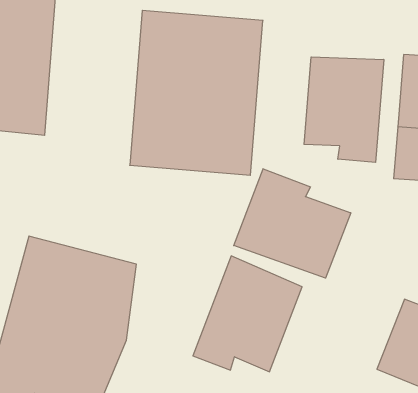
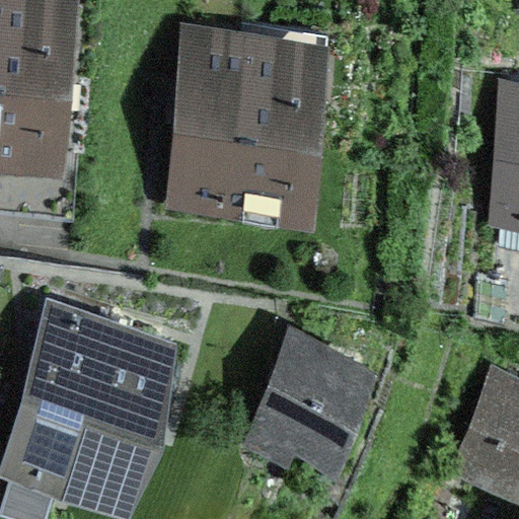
building: [304,57,384,162] -> none
building: [234,169,351,278] -> none

